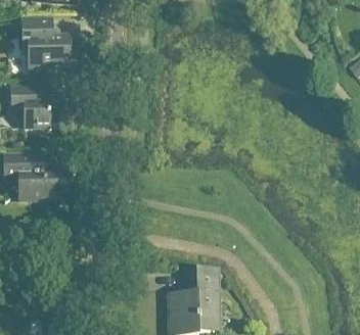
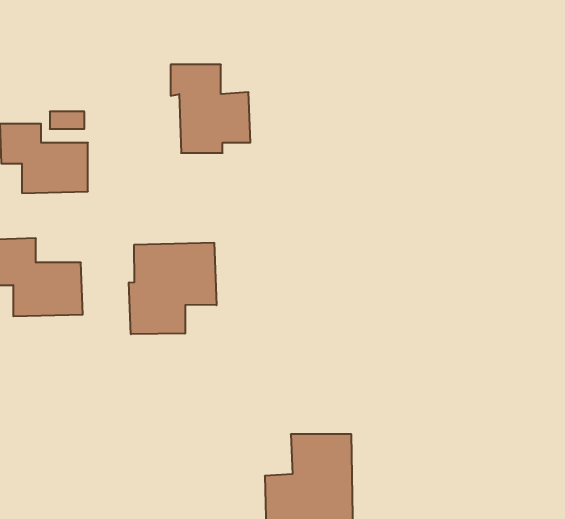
building: [21,17,69,69] -> [171,65,250,153]
building: none -> [129,243,216,334]

